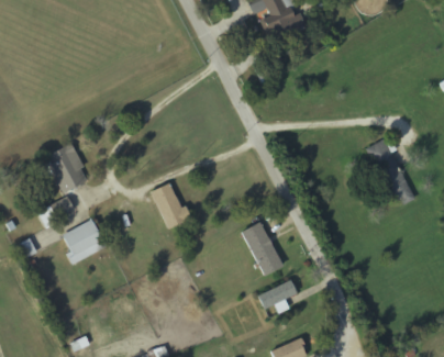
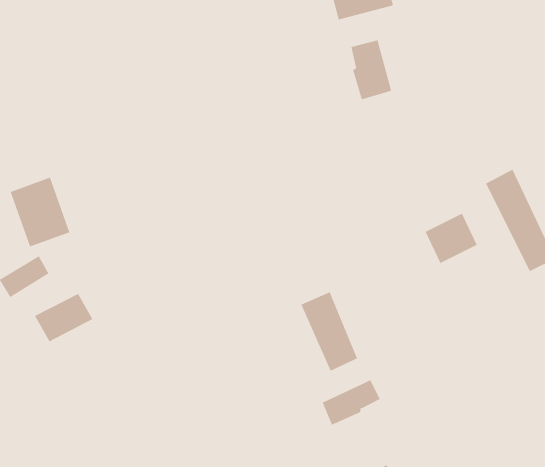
building: none -> [351,40,392,100]
building: none -> [425,213,477,264]
building: [152,181,189,228] -> none

